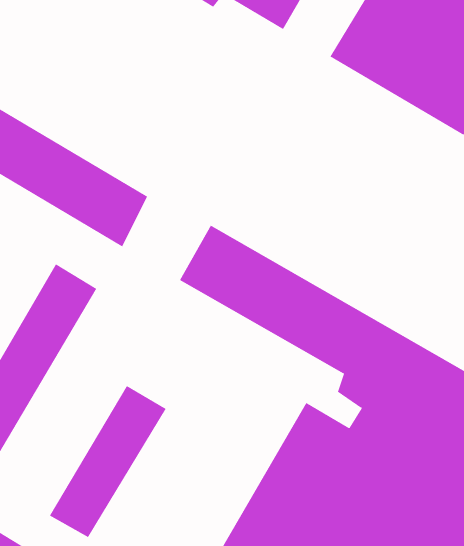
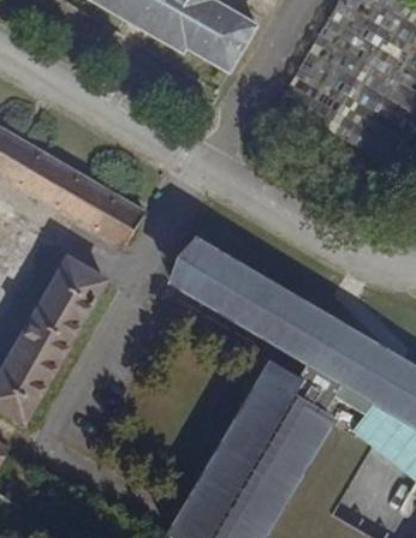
building: [49,385,167,538] -> none

